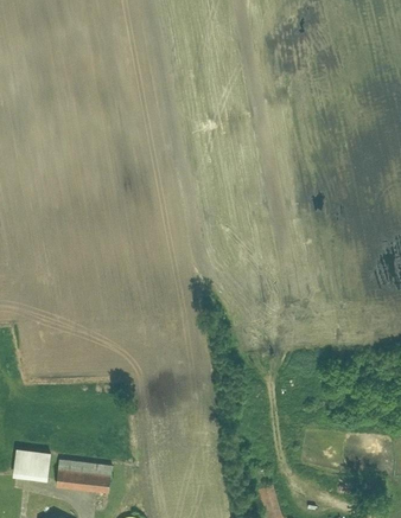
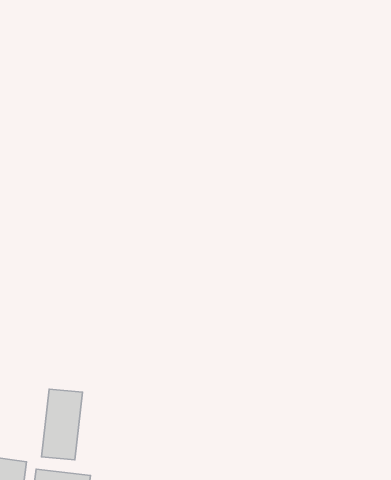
building: none -> [42,389,82,460]

